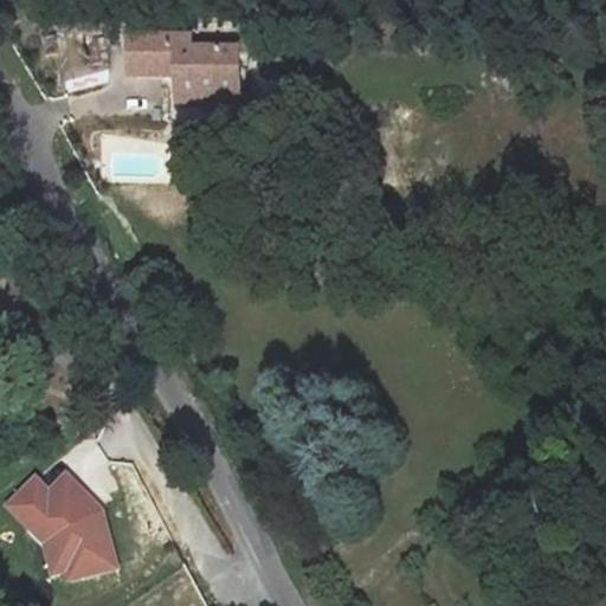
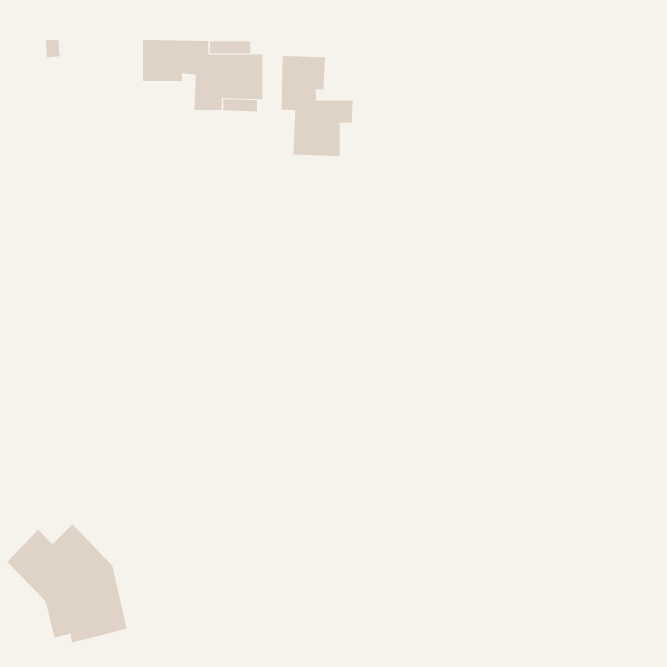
building: none -> [281,55,353,157]

